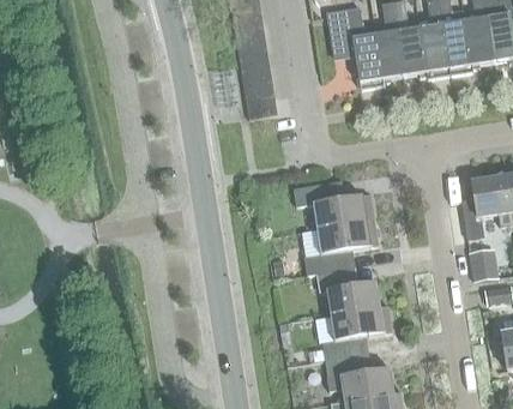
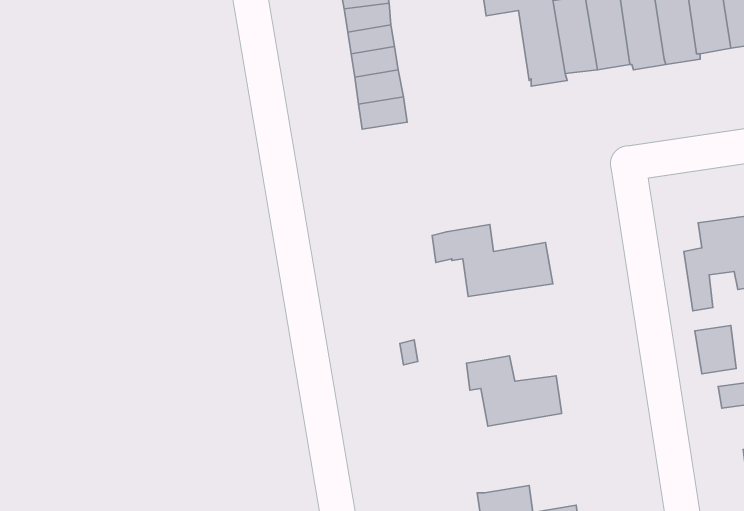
building: [303,219,378,273] -> none
building: [326,303,391,359] -> none

